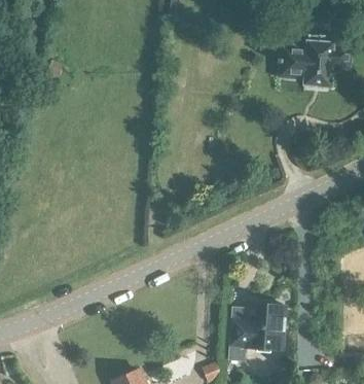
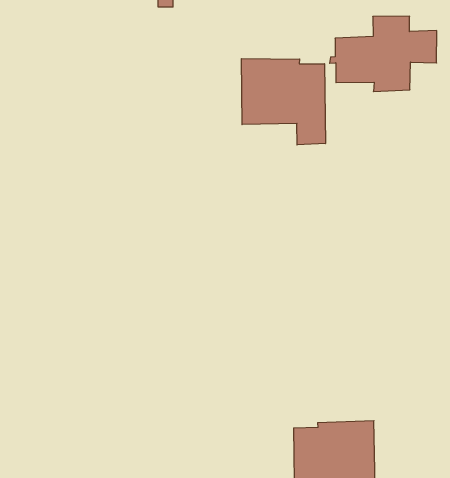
building: none -> [242,59,325,145]

